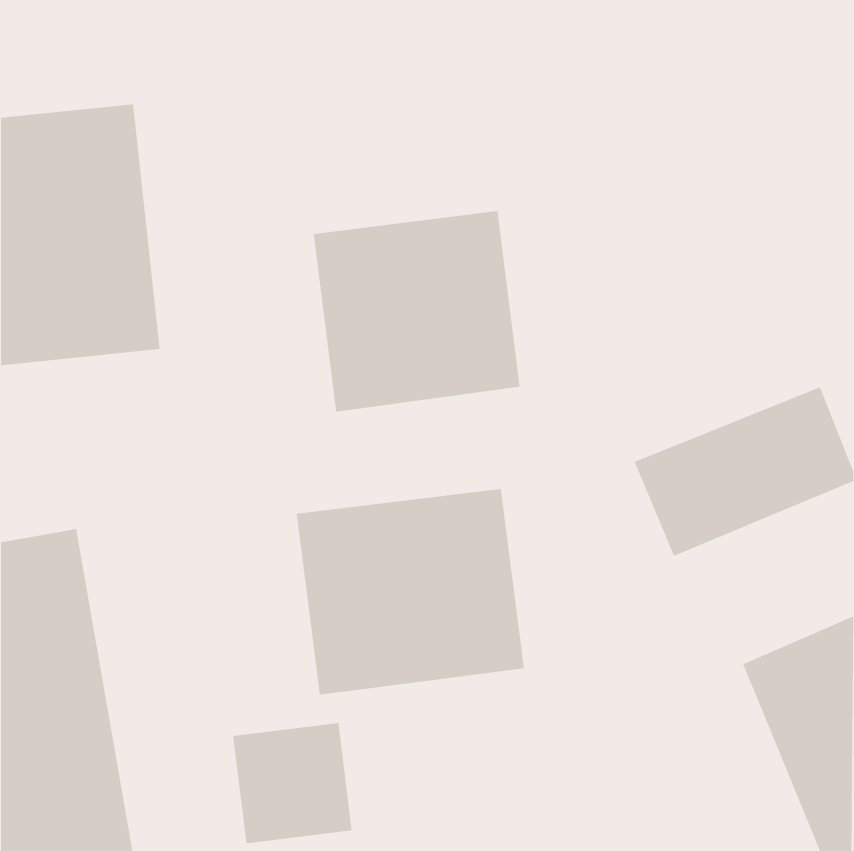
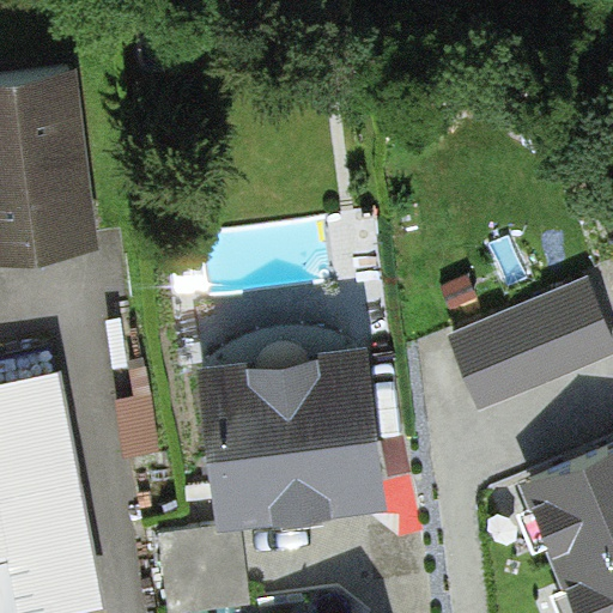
building: [313,210,521,412] -> none

